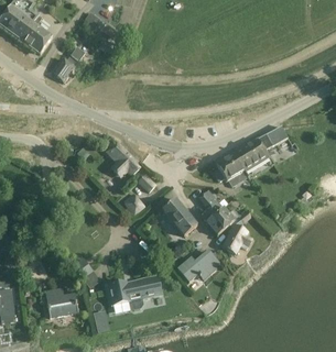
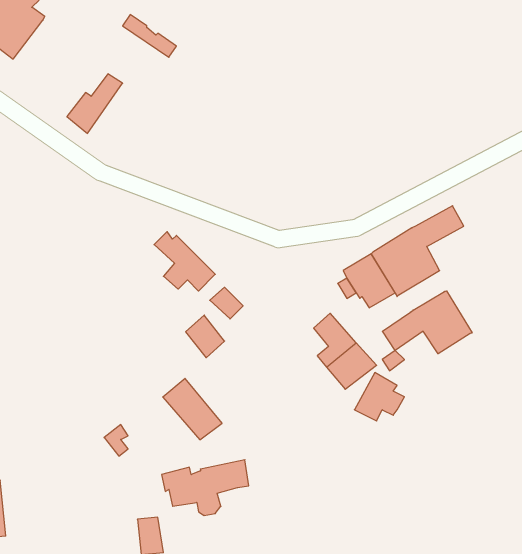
building: [19,15,51,53] -> none
building: none -> [382,291,472,354]
building: [161,198,196,234] -> [163,378,222,440]
building: [176,251,218,282] -> none
building: [44,288,77,317] -> none

